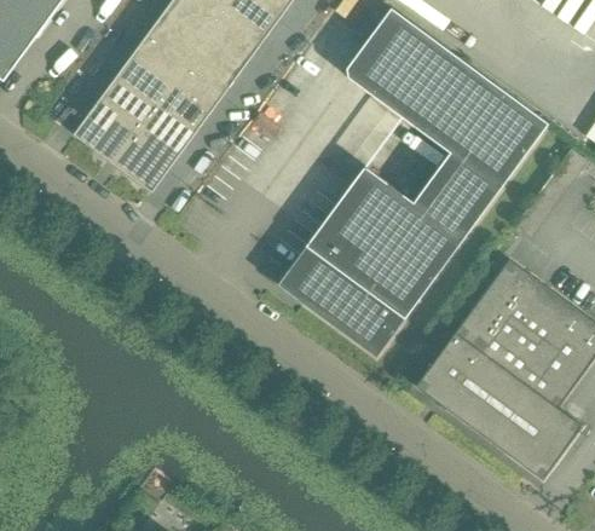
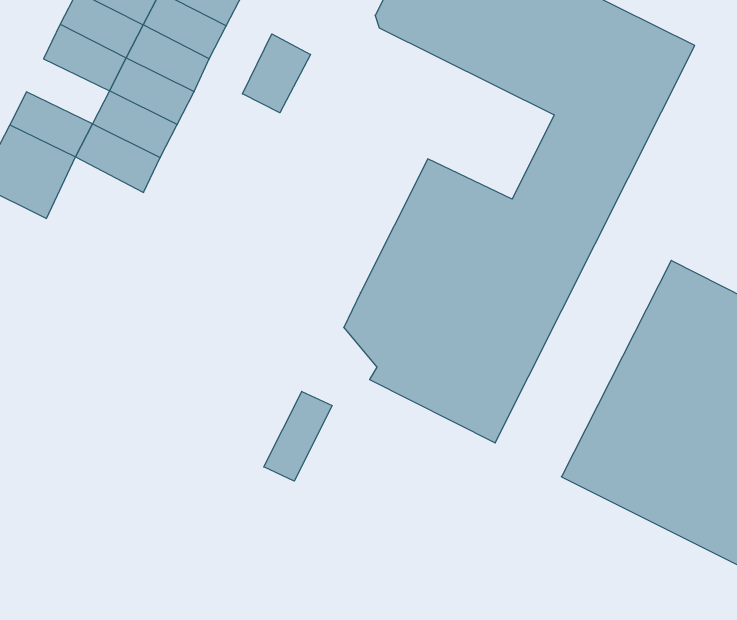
building: [114,60,167,108] -> none
building: none -> [242,34,311,113]
building: [112,127,178,192] -> none
building: none -> [264,391,332,481]

